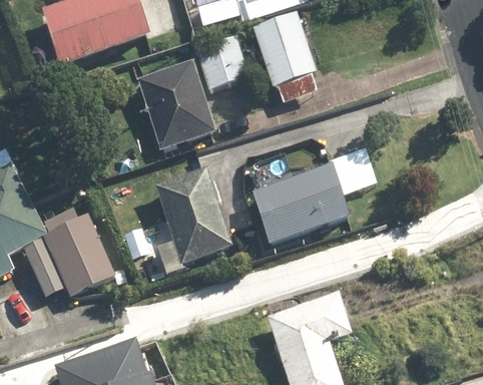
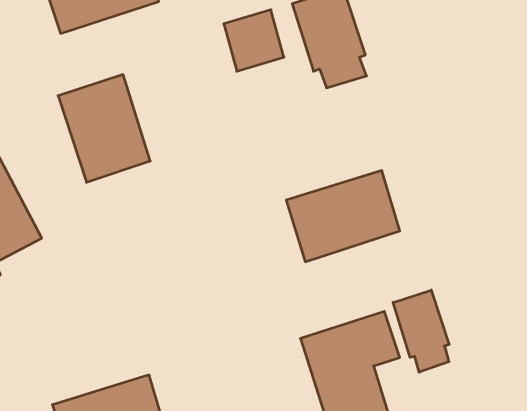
building: [143,63,221,154] -> [58,75,150,182]
building: [156,175,231,267] -> none
building: [39,216,113,296] -> none
building: none -> [393,290,449,372]

